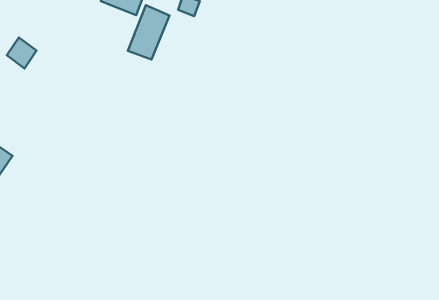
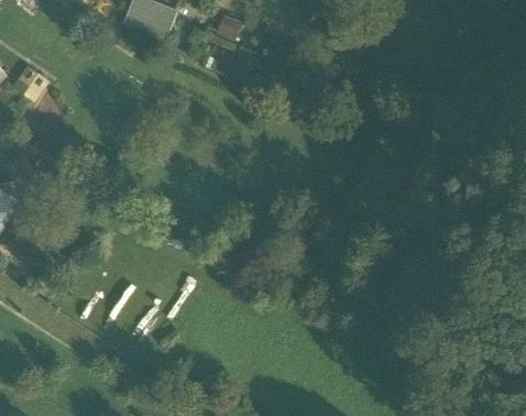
building: [128,5,169,59] -> none

